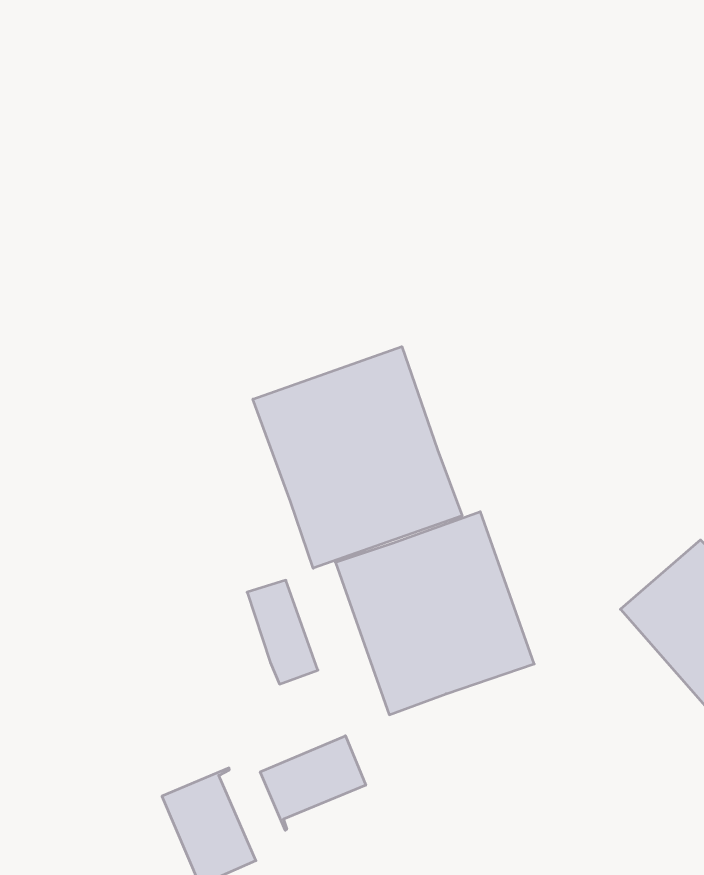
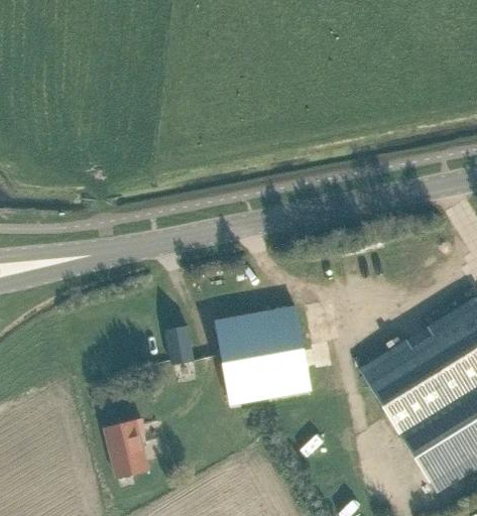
building: [253,347,462,568] -> none
building: [260,736,366,830] -> none

